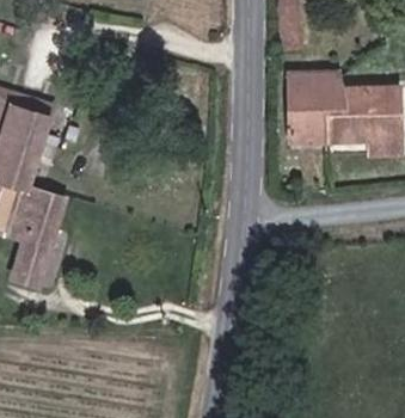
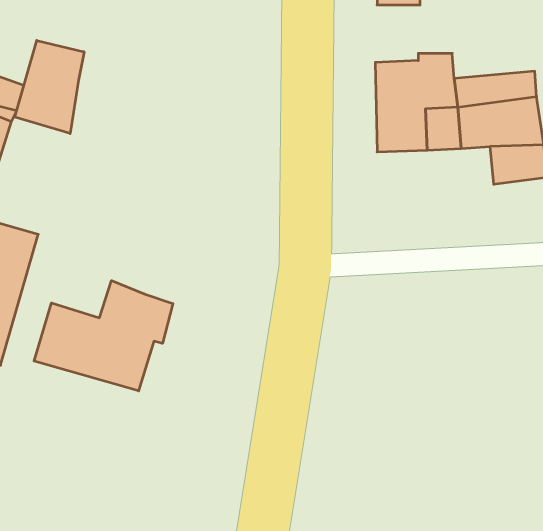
building: none -> [15,40,84,134]
building: none -> [34,281,173,391]

